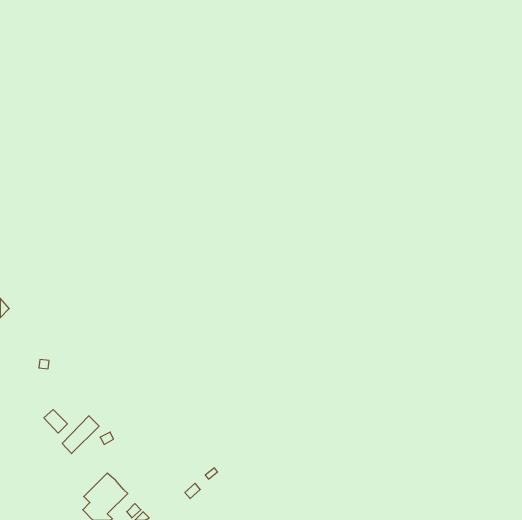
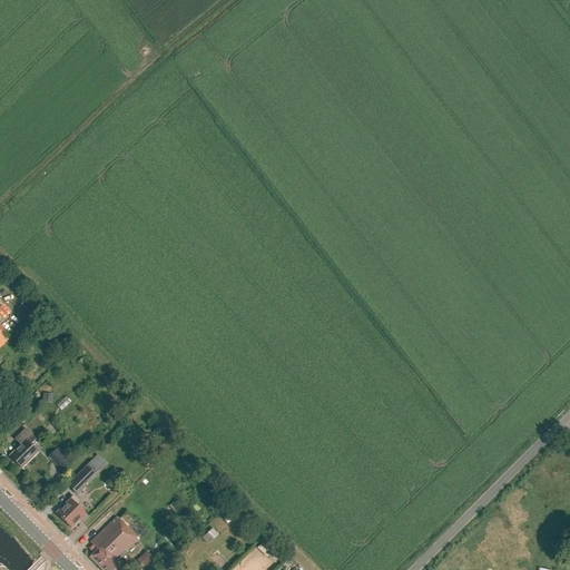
building: none -> [10,428,38,466]
building: none -> [57,494,89,527]

